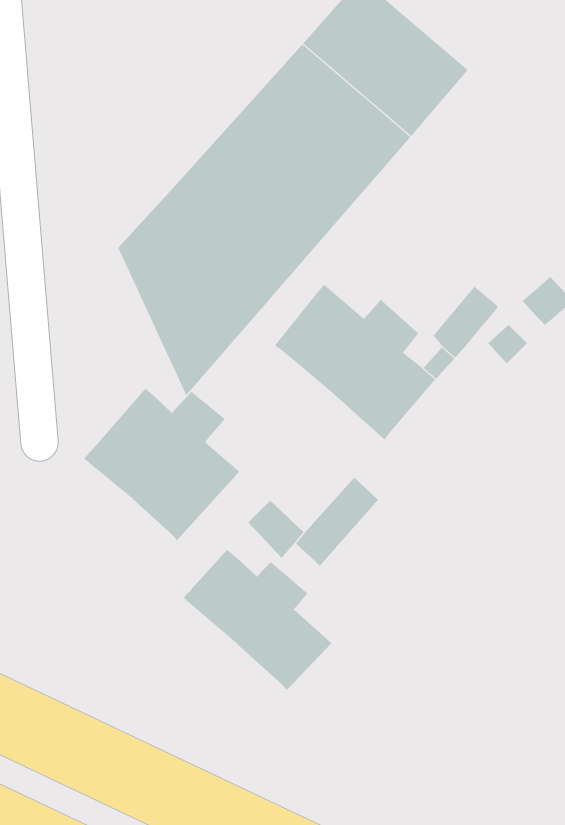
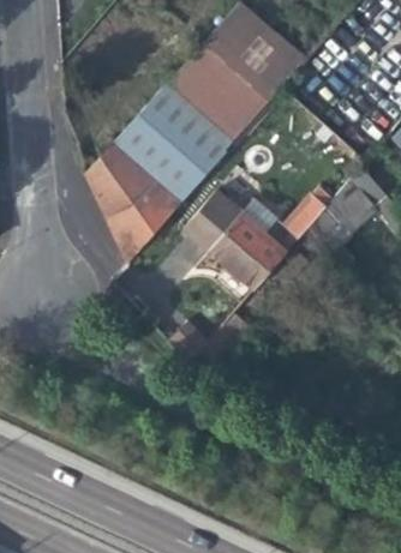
building: [83,388,240,541] -> none
building: [183,549,332,691] -> none

